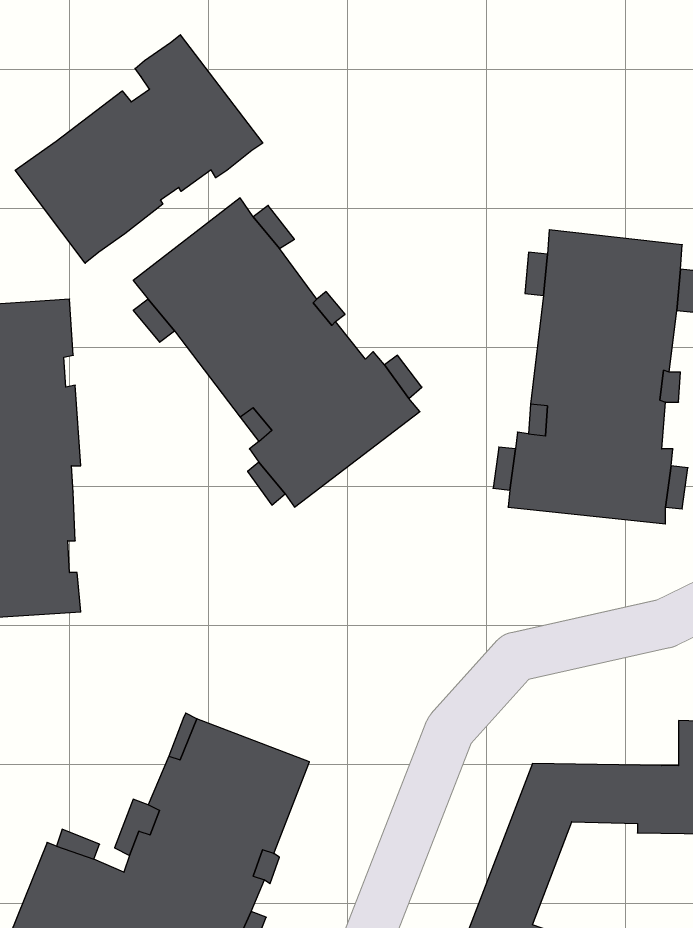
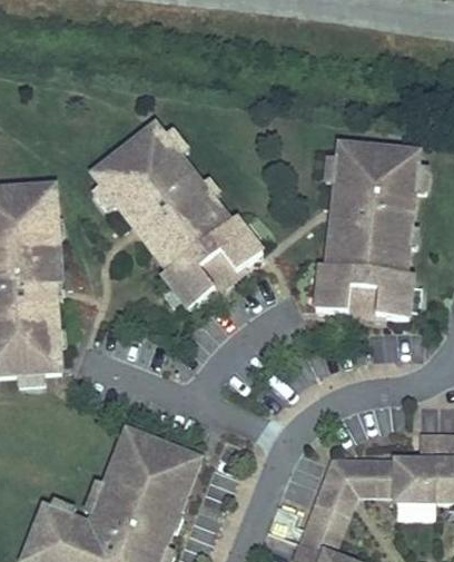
building: [15,35,263,263] -> none

